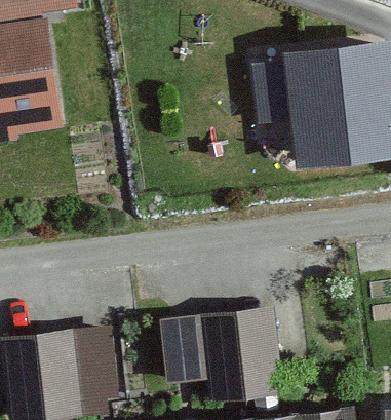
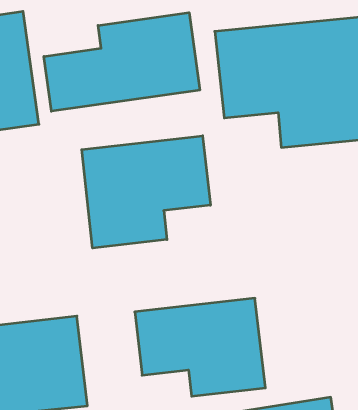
building: none -> [44,13,200,111]
building: none -> [82,136,210,248]

